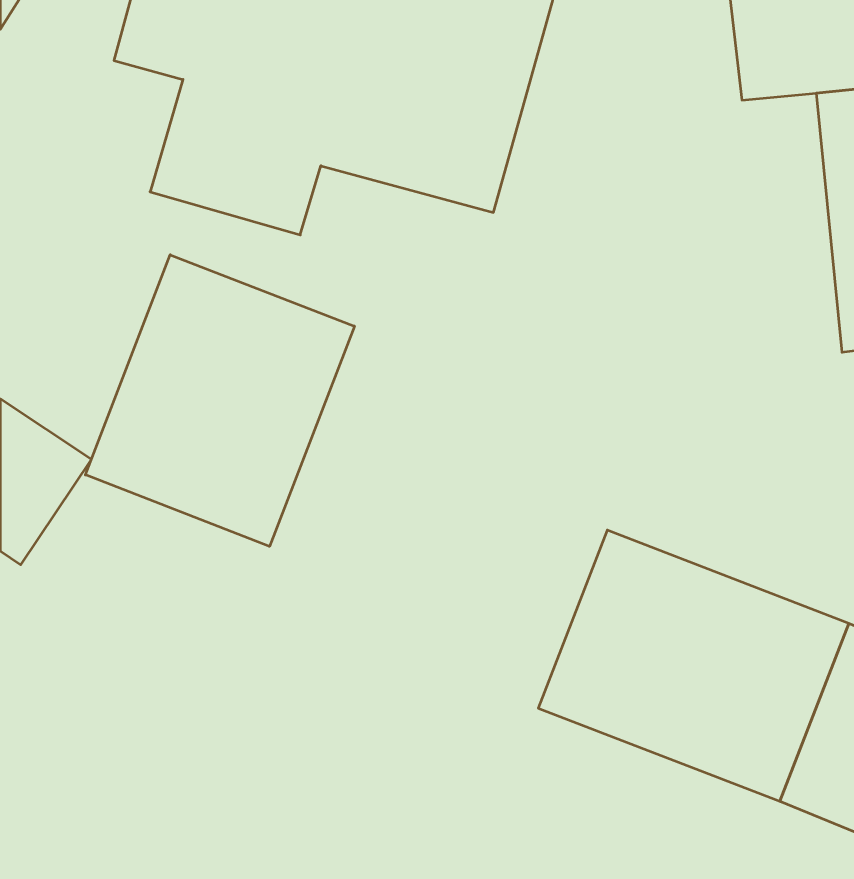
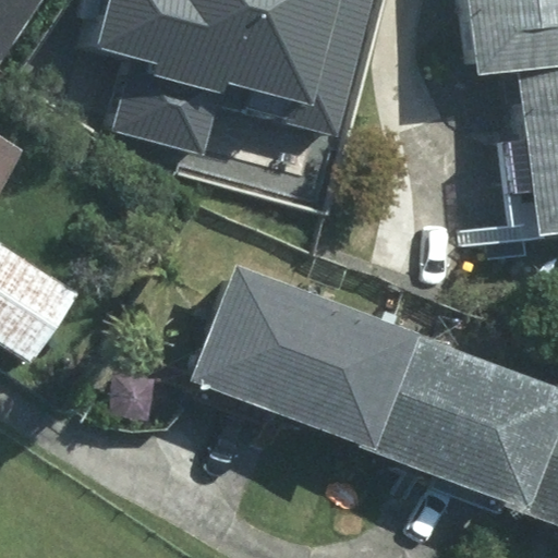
building: [85,255,354,546] -> none
building: none -> [183,267,401,447]

